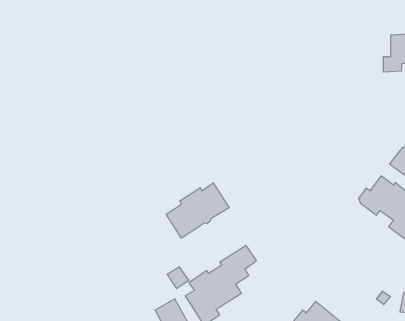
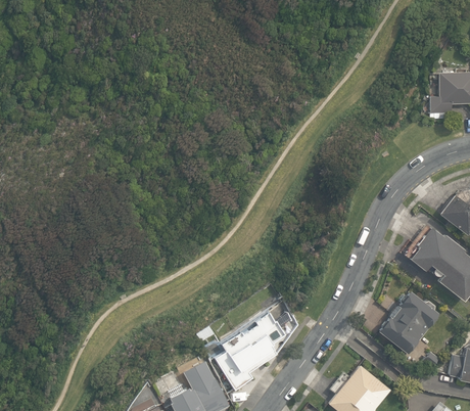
building: [166,183,229,238] -> none
building: none -> [378,291,438,353]

